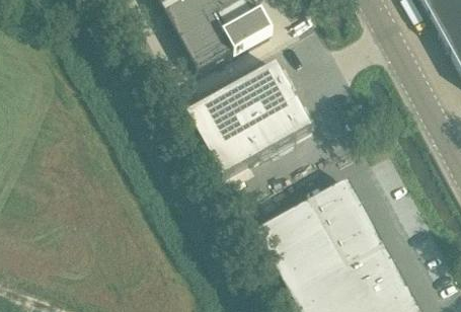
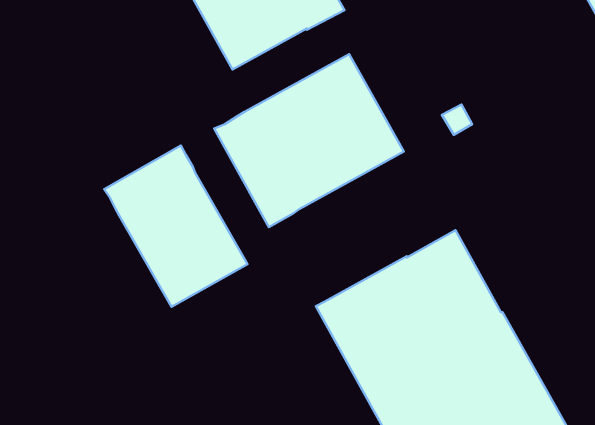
building: none -> [104,145,247,307]

